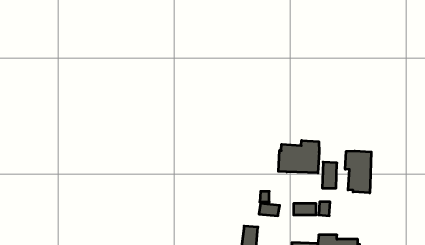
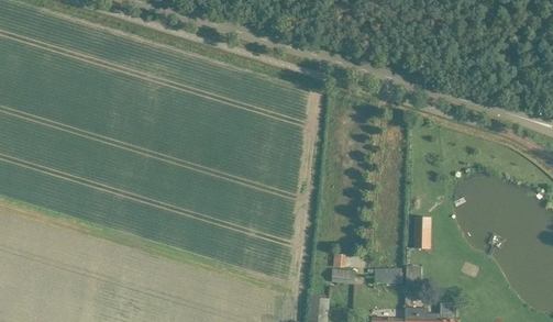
building: [278,140,319,173] -> none
building: [345,151,371,193] -> none

